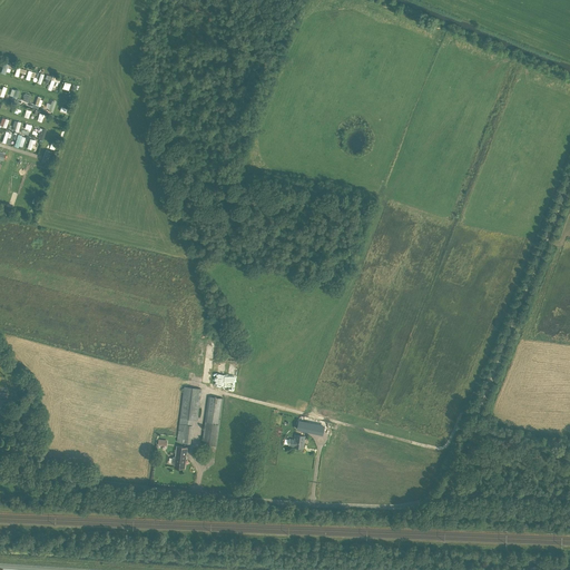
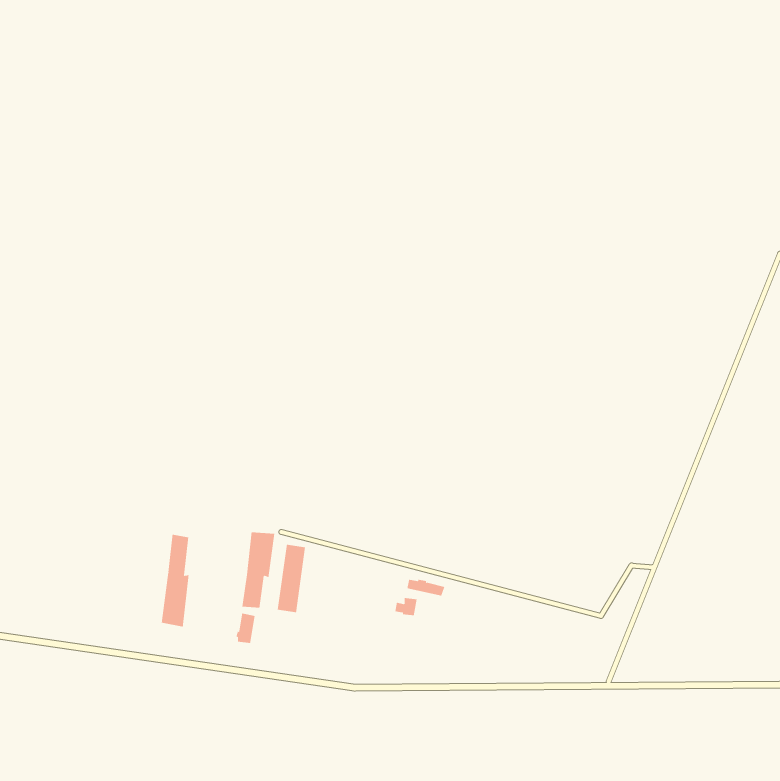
building: none -> [161,534,189,628]

